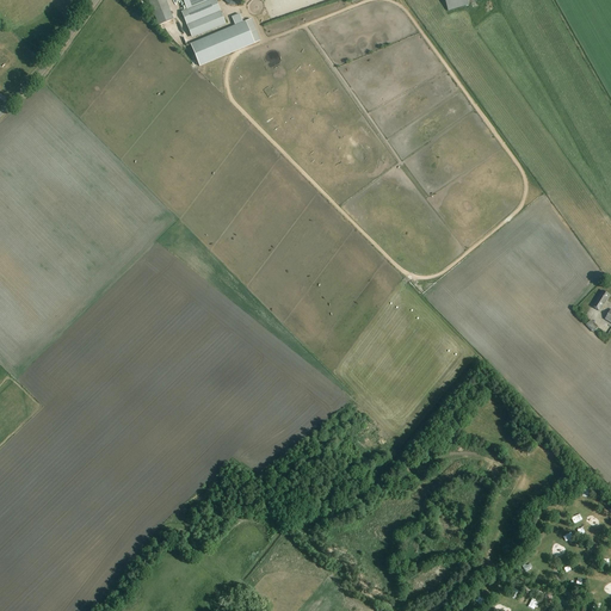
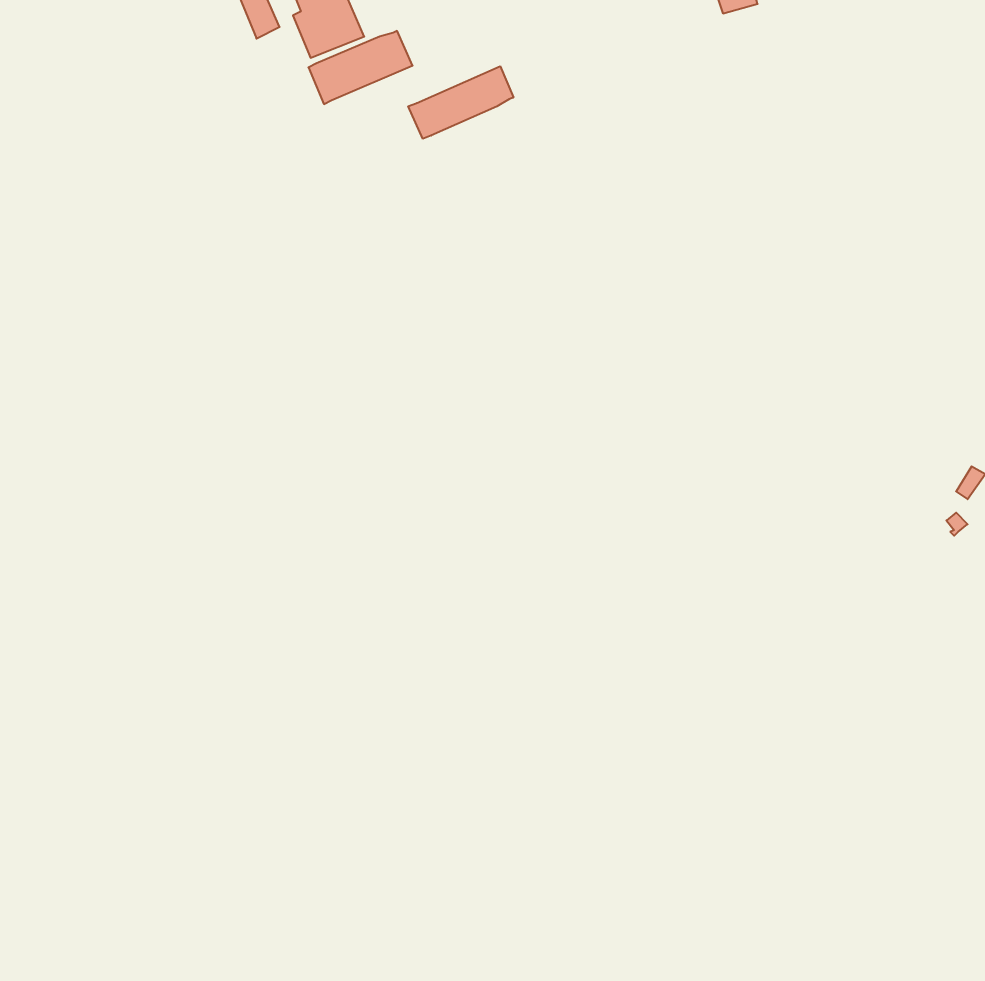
building: none -> [408,66,513,139]

